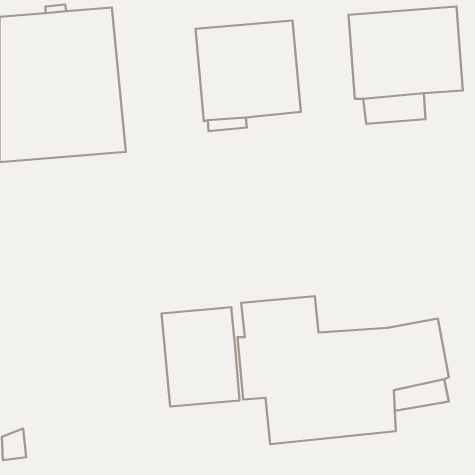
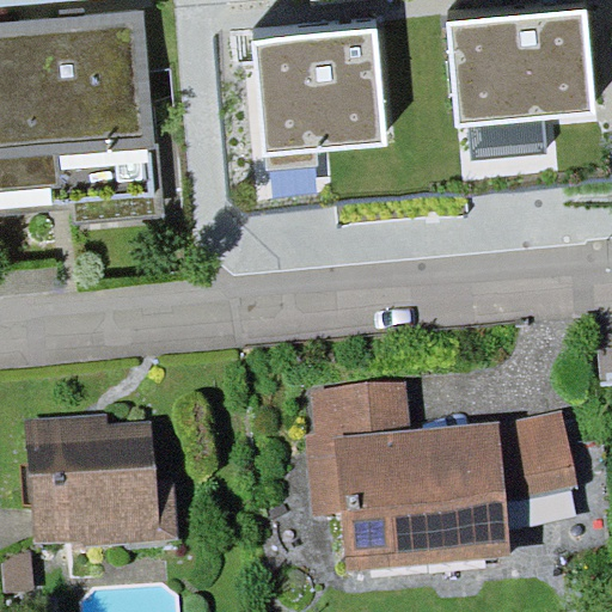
building: [161,307,240,407] -> none
building: none -> [22,411,177,546]

